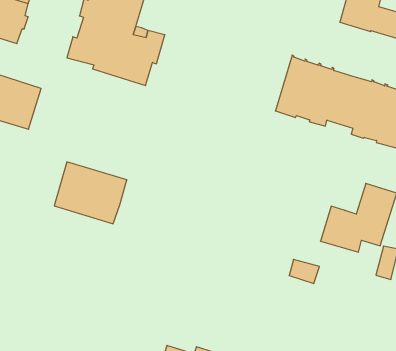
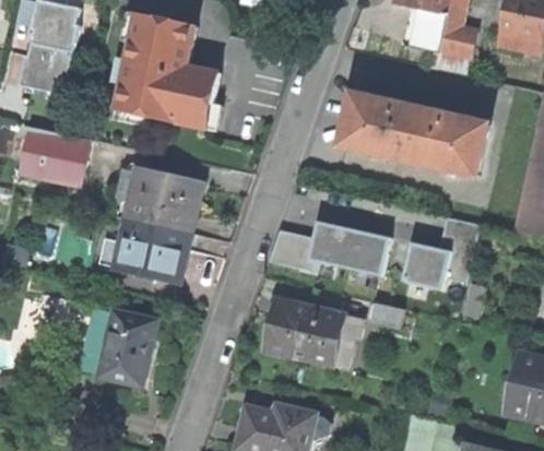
building: none -> [122,169,199,232]
building: none -> [267,222,388,275]
building: none -> [96,311,155,387]
building: none -> [264,300,355,368]

